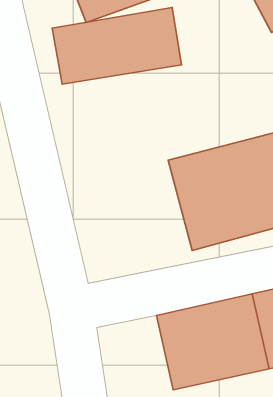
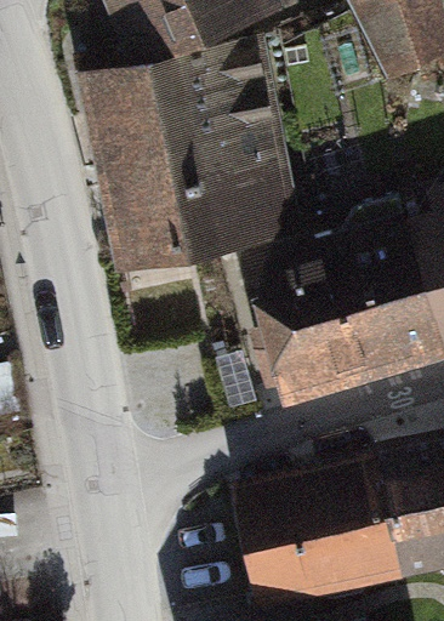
building: none -> [99,131,289,258]

